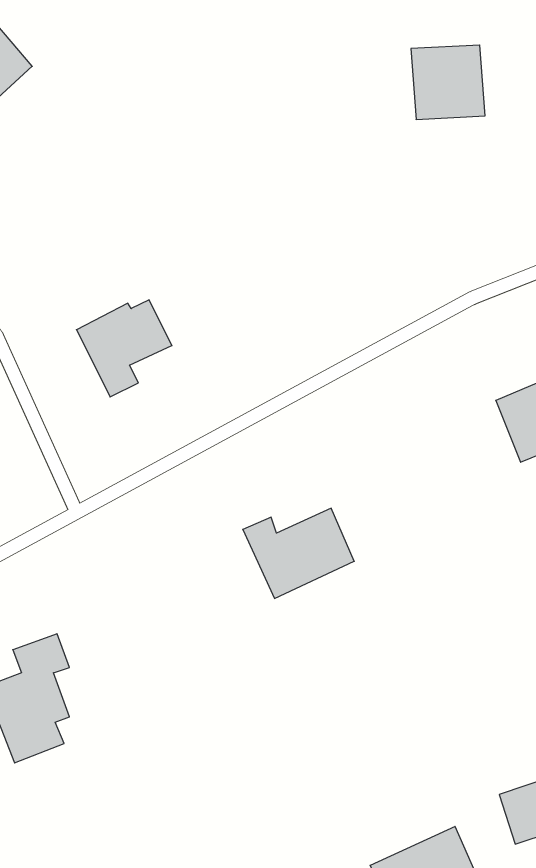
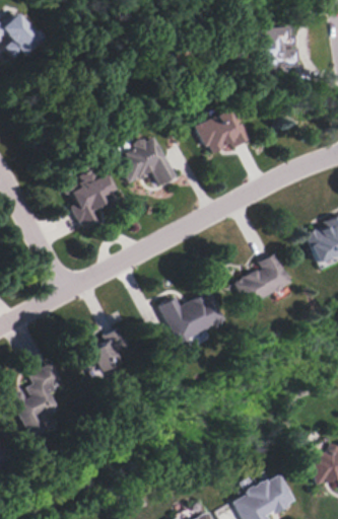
building: none -> [195,108,246,157]
building: none -> [115,136,175,184]
building: none -> [233,252,291,305]
building: none -> [79,331,127,377]

